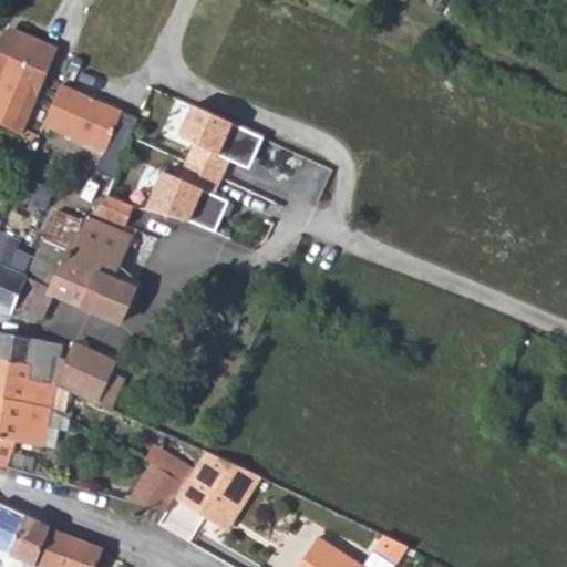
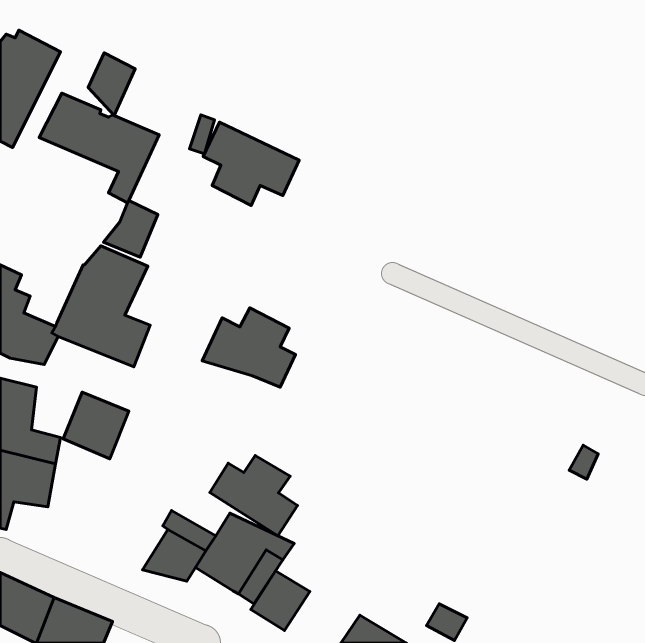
building: none -> [88,53,135,116]
building: [144,163,226,233] -> [202,308,295,387]
building: [27,239,65,284] -> none
building: [28,340,59,384] -> none
building: none -> [210,456,297,536]
building: none -> [251,571,310,631]

